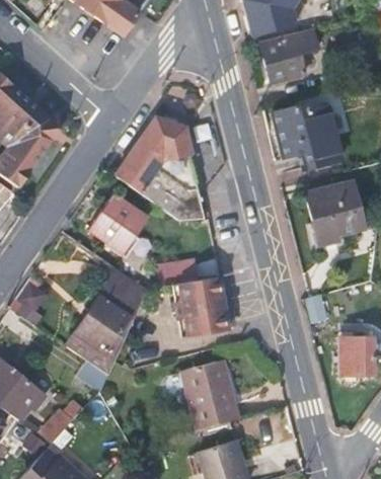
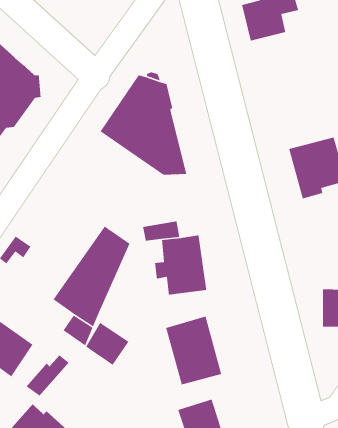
building: [271,103,339,166] -> none
building: [91,193,150,256] -> none
building: none -> [85,322,129,366]

